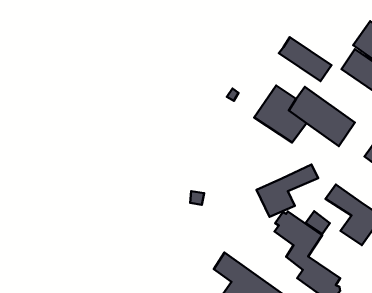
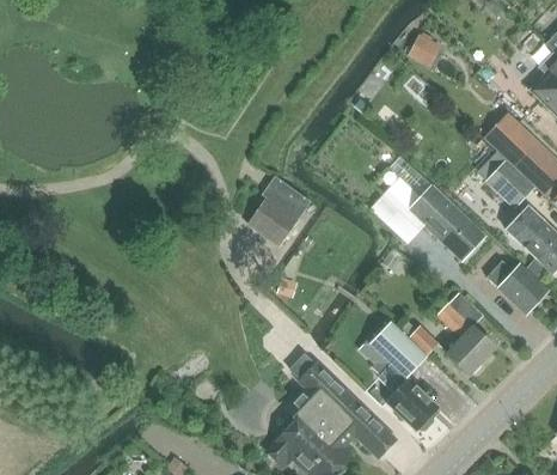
building: [279,37,332,81] -> none
building: none -> [250,175,311,242]
building: [257,164,318,217] -> none

